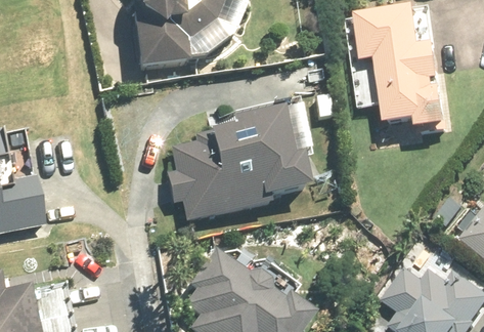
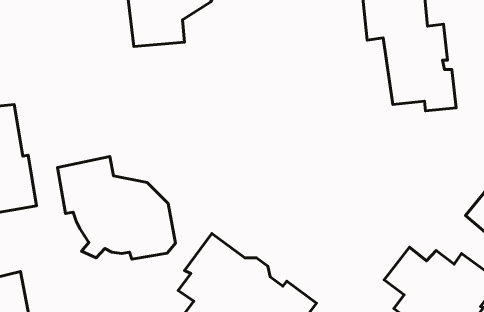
building: [166,110,308,219] -> none
building: none -> [57,157,175,259]

